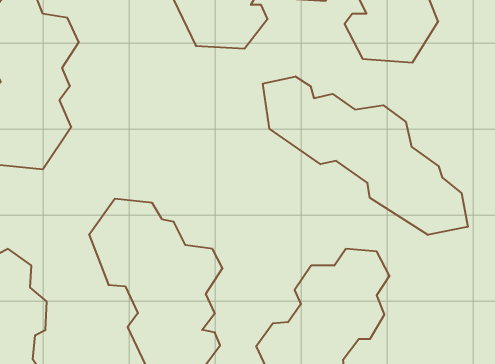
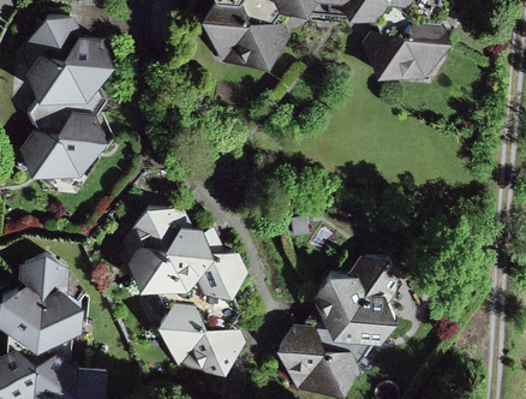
building: [263,76,468,235] -> none

